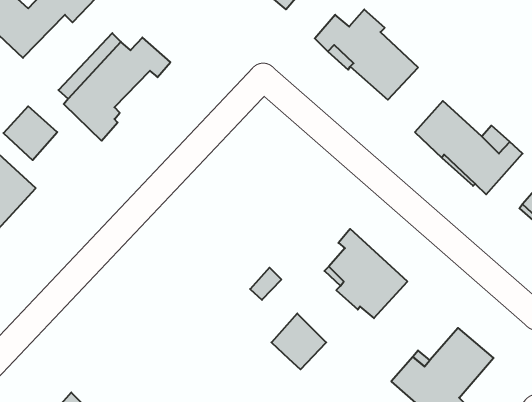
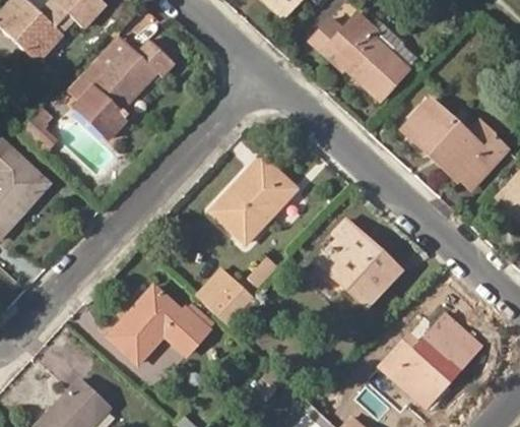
building: none -> [214,158,294,240]
building: none -> [109,285,207,361]
building: [271,313,326,369] -> [199,271,251,324]

